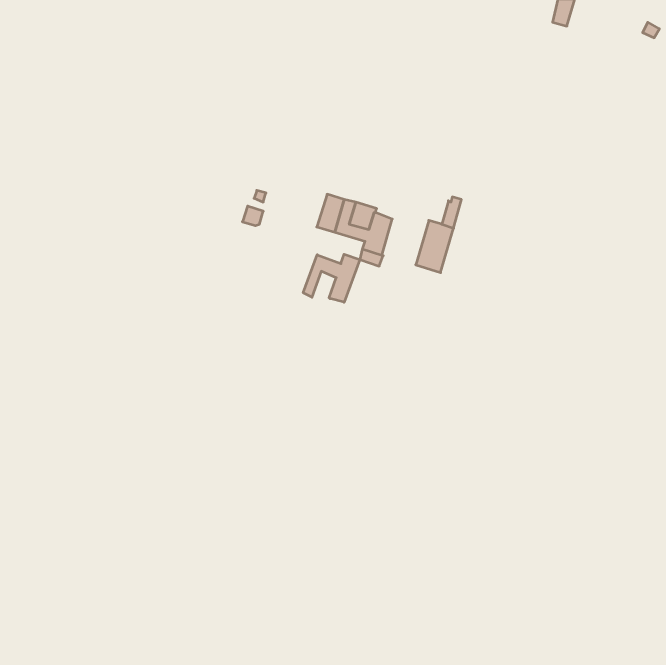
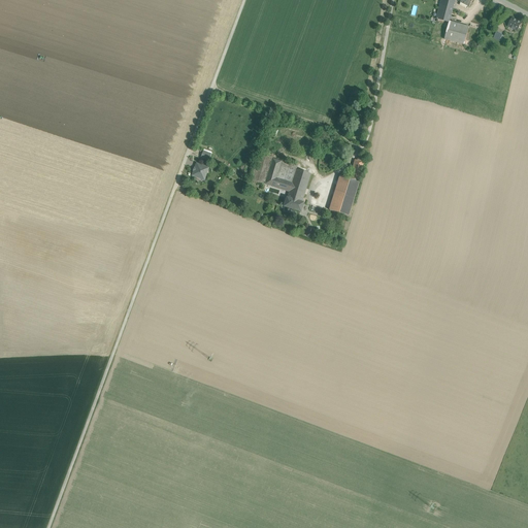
building: none -> [444,21,469,44]
building: [303,254,360,302] -> none

